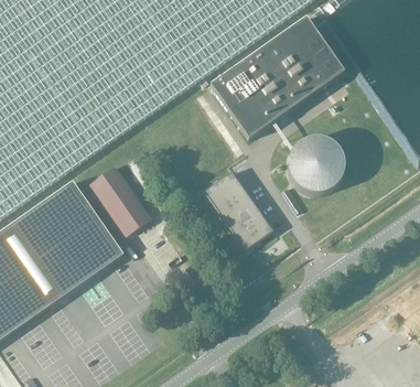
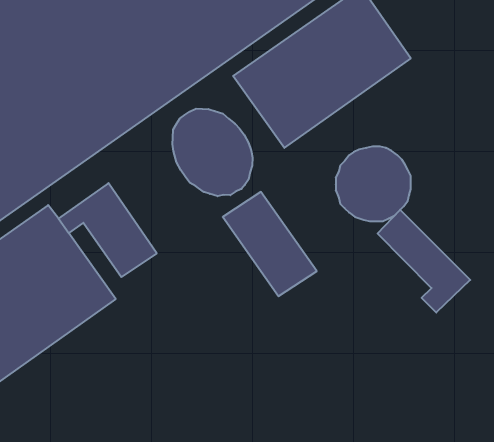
building: none -> [172,109,253,196]
building: none -> [378,210,470,313]

